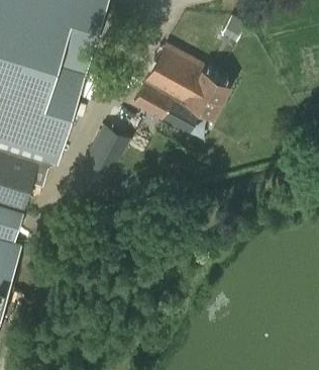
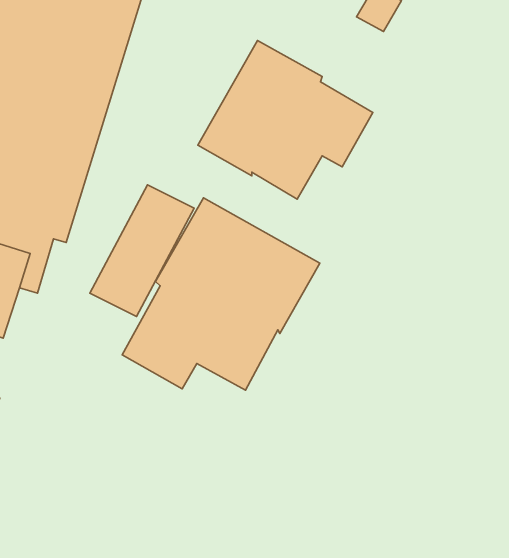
building: none -> [122,198,320,390]

